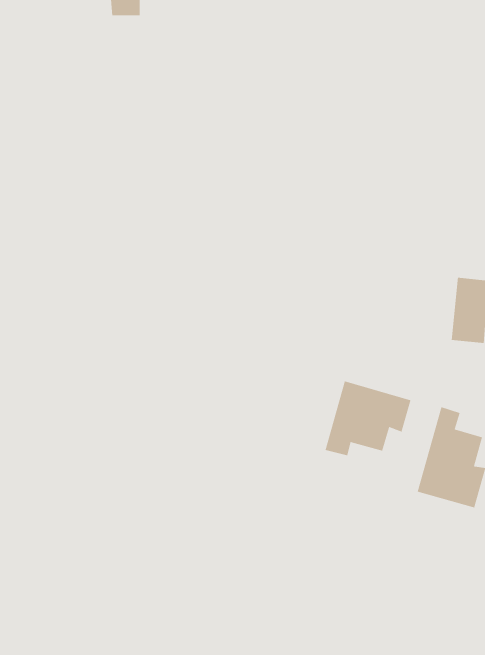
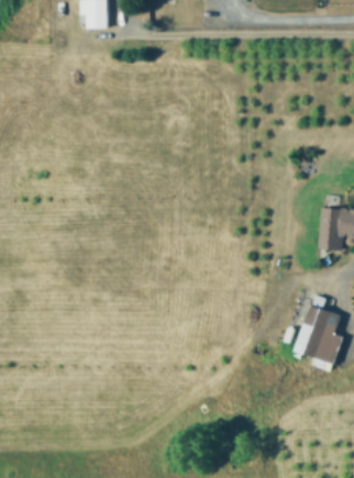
building: [325,381,411,456] -> none

